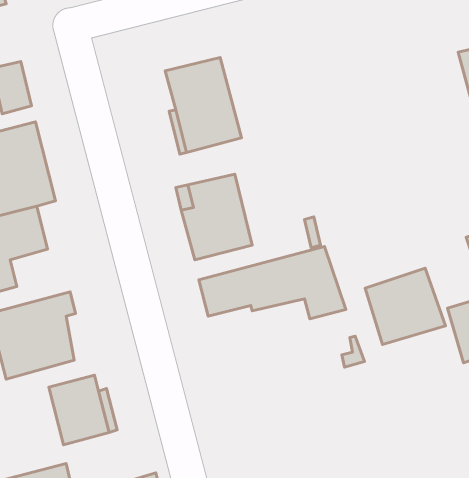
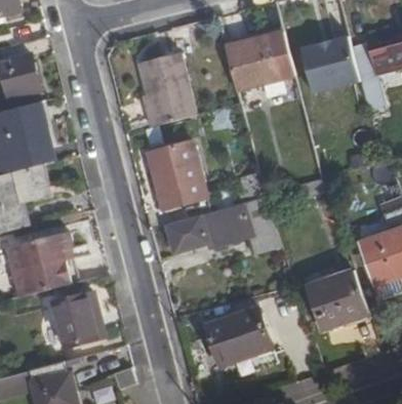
building: none -> [223,30,294,92]
building: none -> [296,38,355,95]
building: [365,268,445,345] -> [307,271,368,329]
building: none -> [203,311,270,366]

